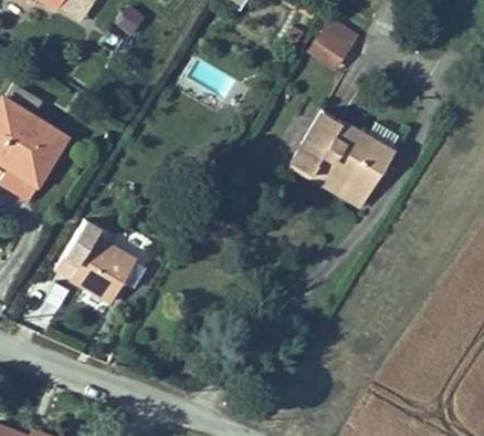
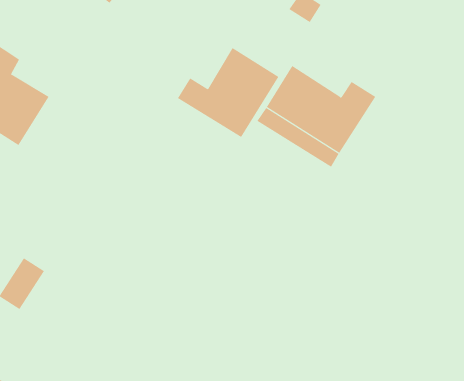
building: none -> [177,47,279,138]
building: [55,240,149,307] -> none

